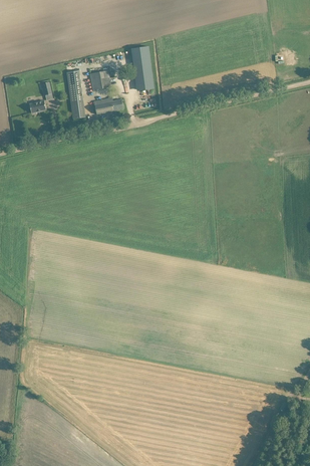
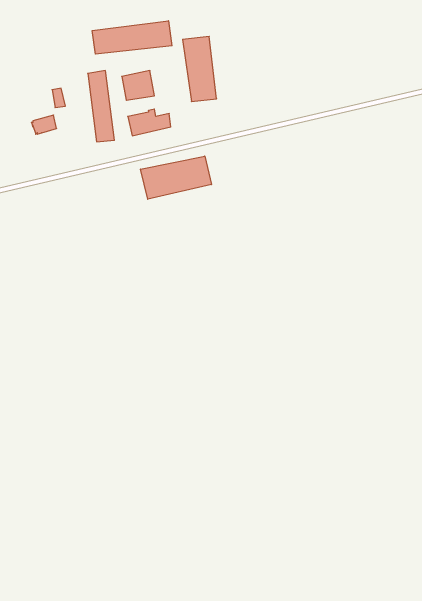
building: none -> [92,21,172,54]
building: none -> [141,156,211,199]

